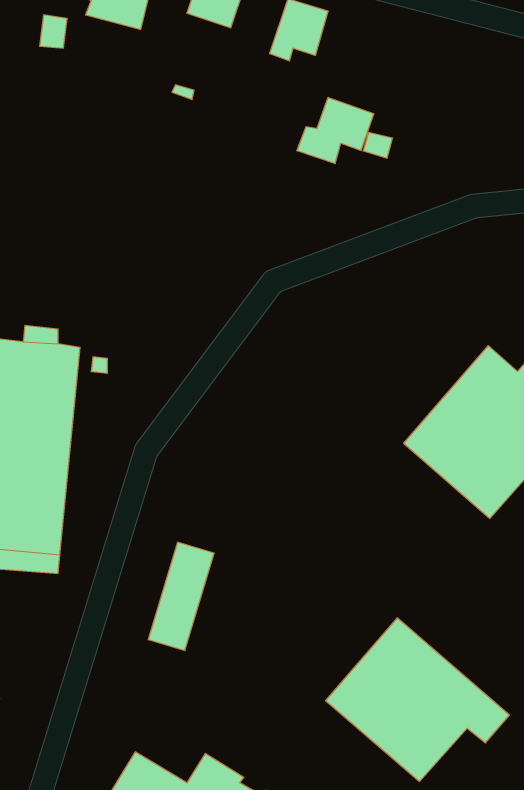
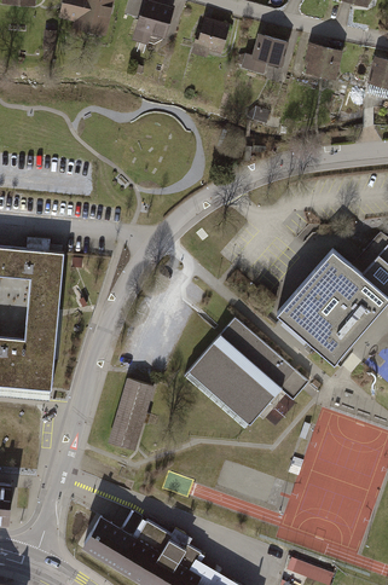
building: none -> [297,45,341,85]
building: [297,97,374,164] -> [236,36,286,80]
building: [326,618,509,781] -> [189,317,309,424]

